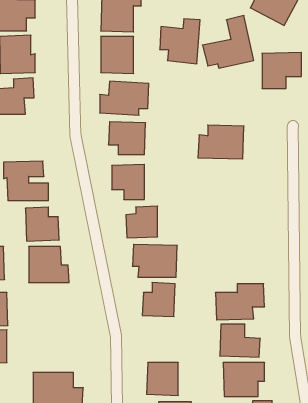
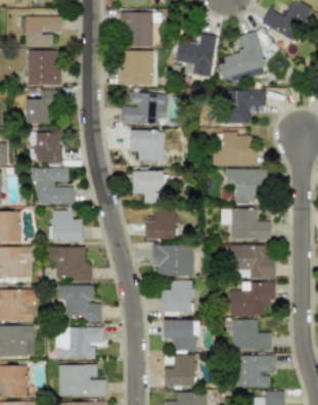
building: [262,52,301,88] -> [229,90,266,124]
building: none -> [37,130,61,165]
building: none -> [227,170,270,201]
building: none -> [222,209,271,239]
building: none -> [230,245,276,279]
building: none -> [60,285,102,319]
building: none -> [164,321,197,352]
building: none -> [56,327,104,359]

